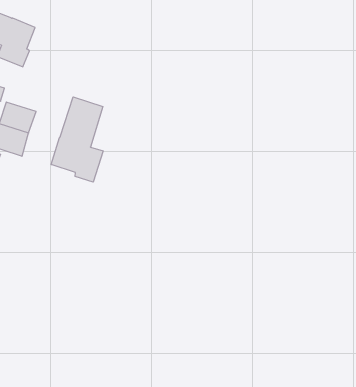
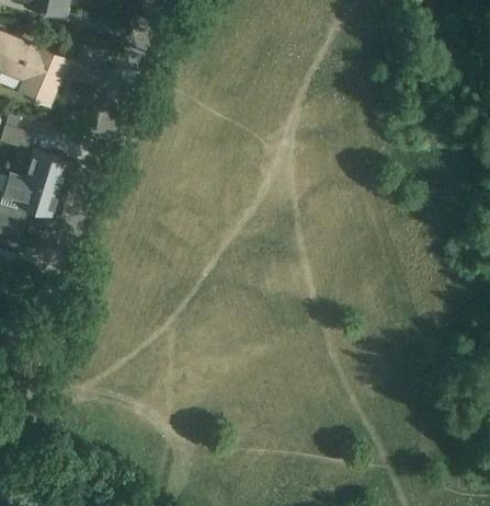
building: [51,97,103,182] -> none

